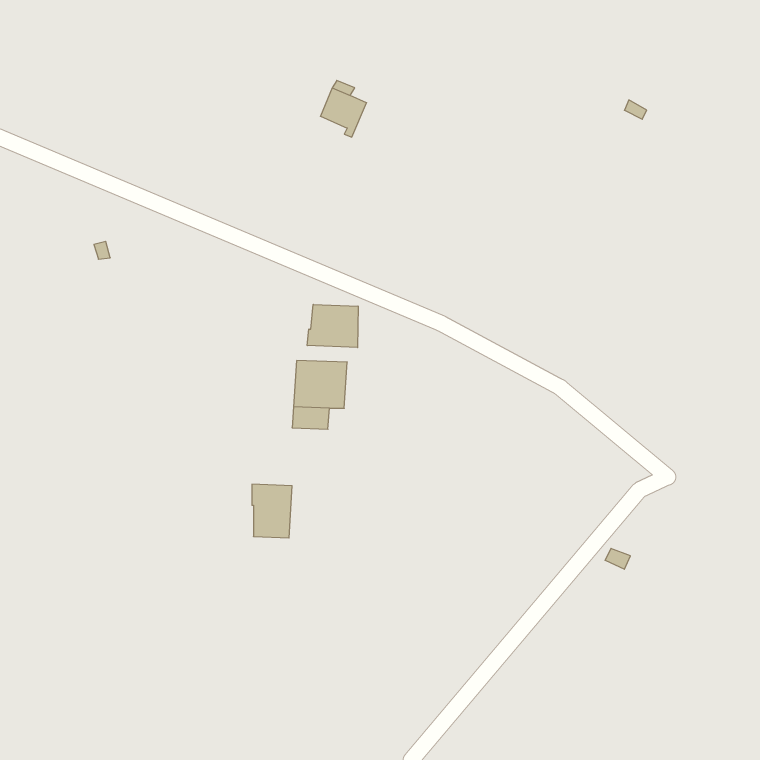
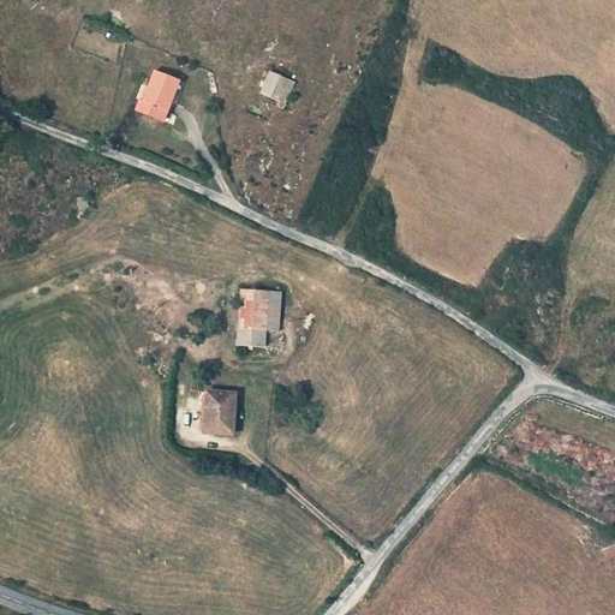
building: none -> [135,71,179,118]
building: [307,304,358,348] -> none

